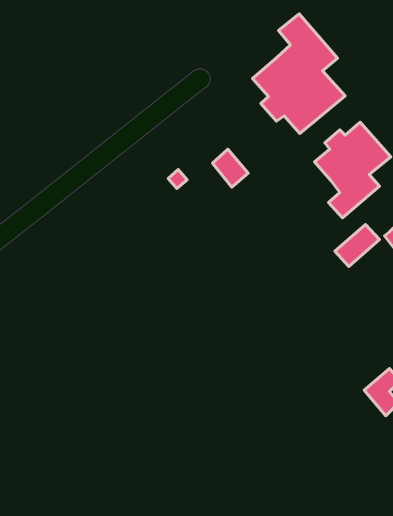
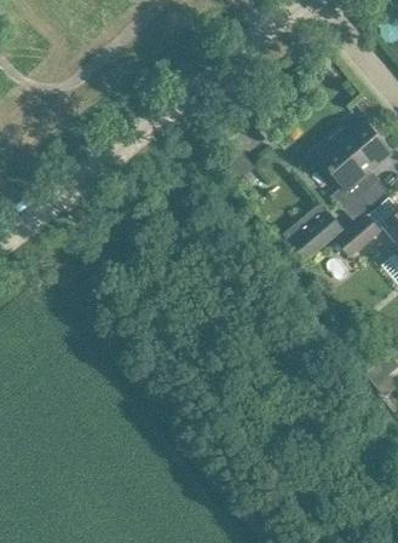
building: [252,14,345,134] -> none
building: none -> [285,207,344,262]

